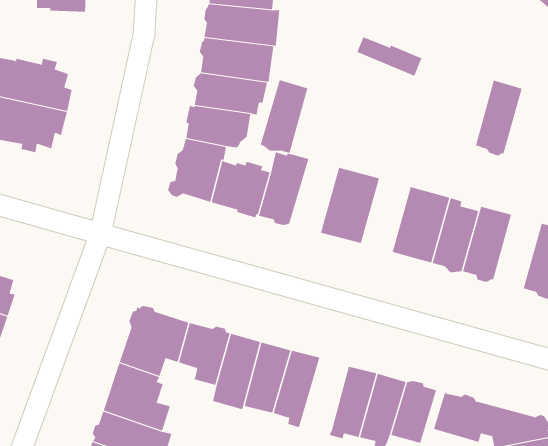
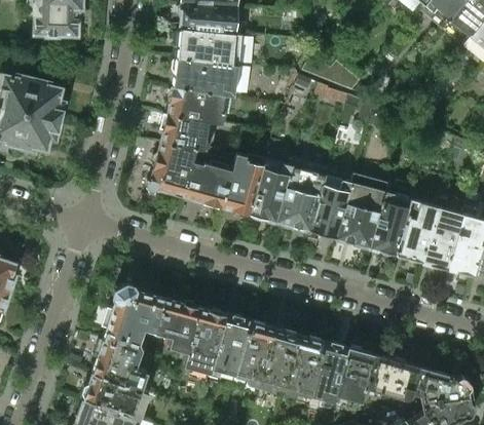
building: [260,80,308,153] -> [250,160,291,223]
building: [475,80,522,156] -> [422,207,462,272]
building: none -> [310,177,351,239]
building: none -> [258,329,299,391]

